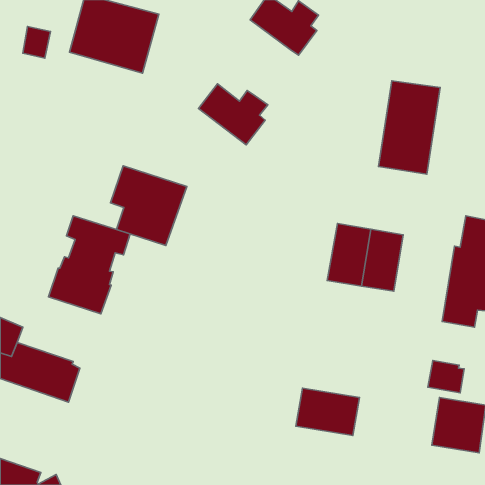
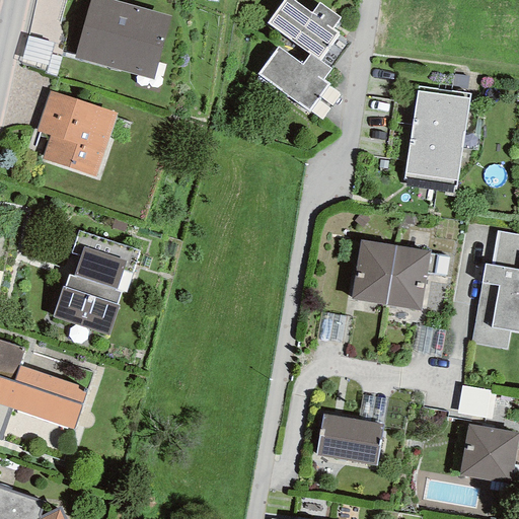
building: [199,84,268,145] -> [258,46,332,110]
building: [111,166,187,246] -> [36,90,118,175]

